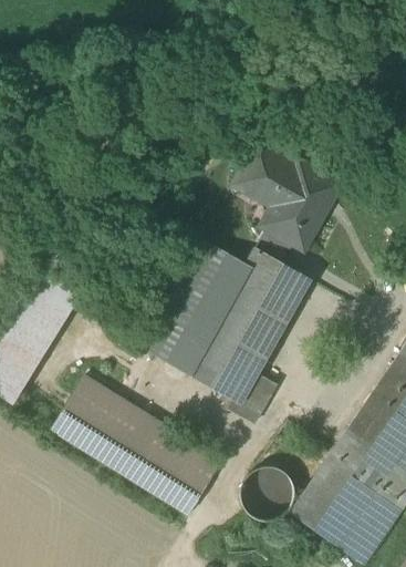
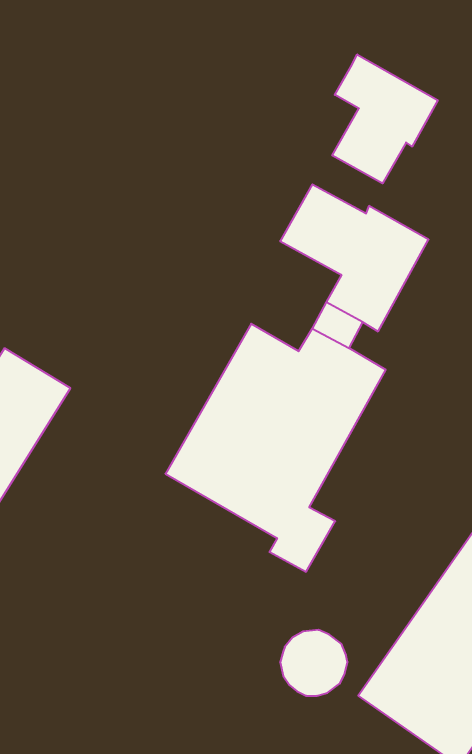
building: none -> [332,54,438,183]
building: [53,377,222,514] -> none

